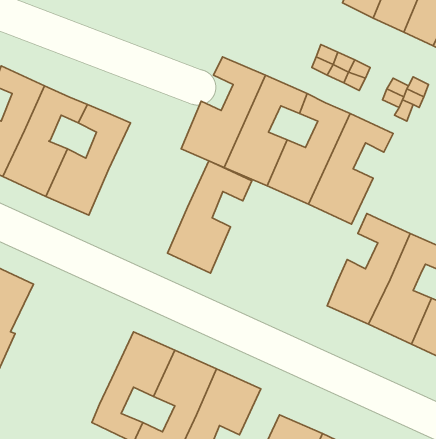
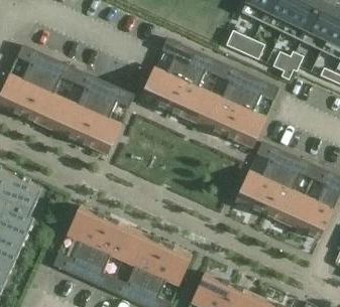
building: [167,161,252,273] -> [79,81,134,154]
building: none -> [51,204,108,277]

